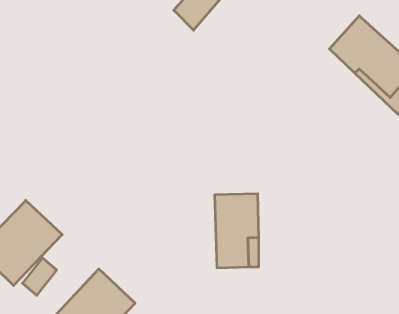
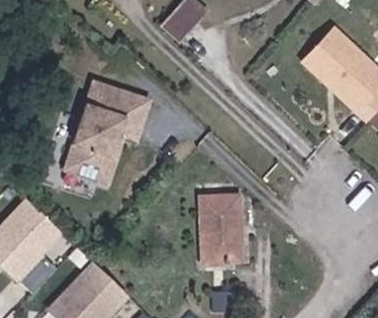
building: none -> [62,82,151,183]

